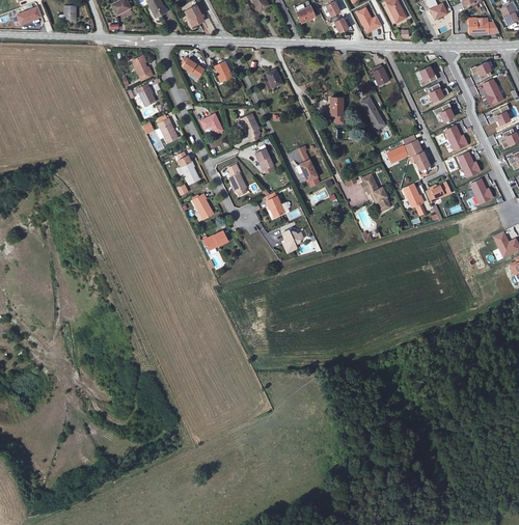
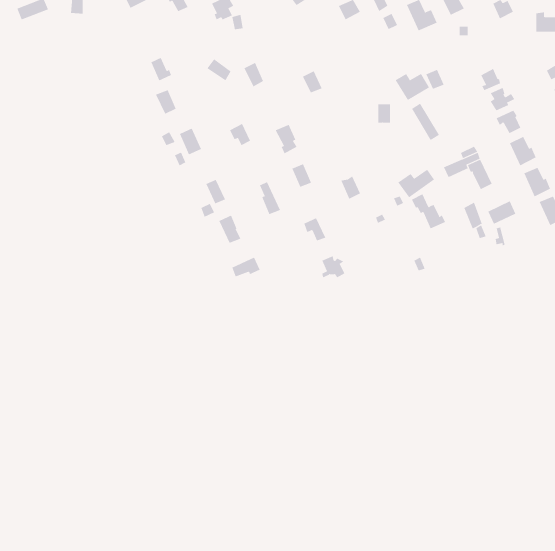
building: none -> [395,73,430,101]
building: none -> [398,169,435,198]

